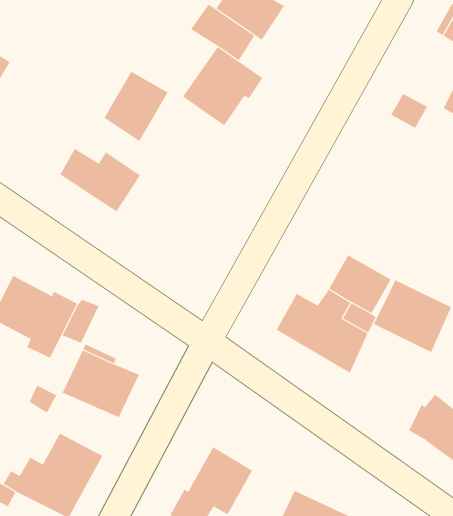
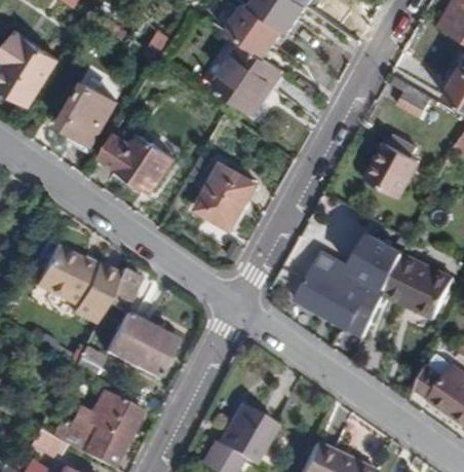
building: [103,71,169,142] -> [61,82,119,146]
building: none -> [368,135,421,196]
building: none -> [197,164,258,230]

